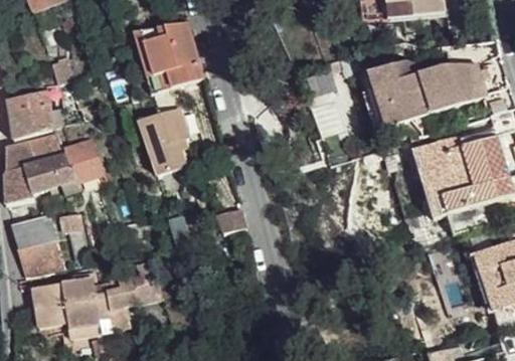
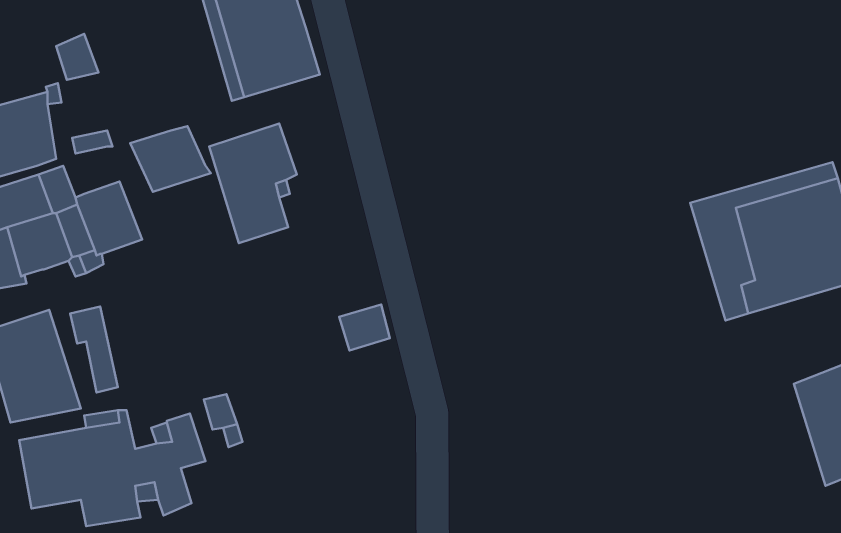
building: [370,61,488,129] -> none
building: none -> [130,126,211,192]

